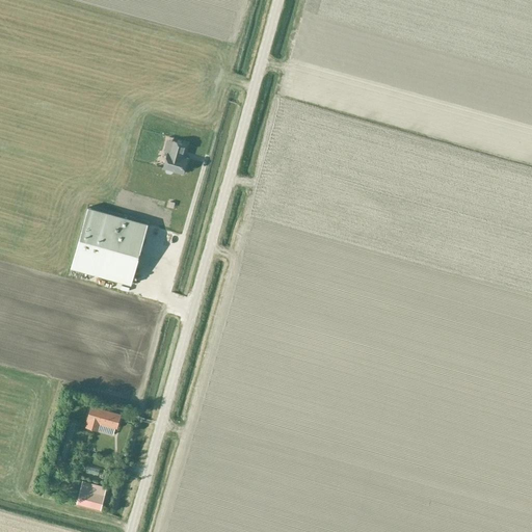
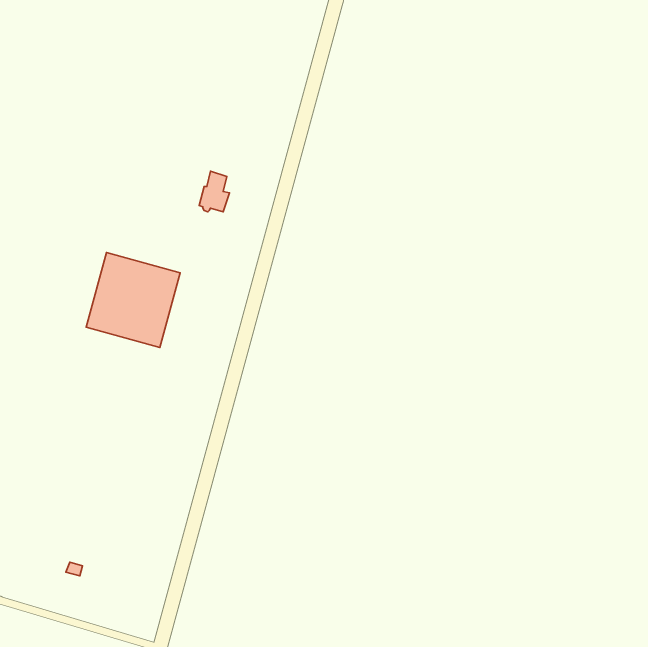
building: [85,406,121,435] -> none
building: [76,482,107,511] -> none

